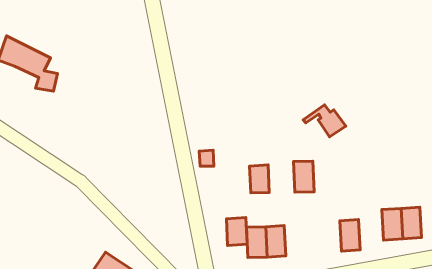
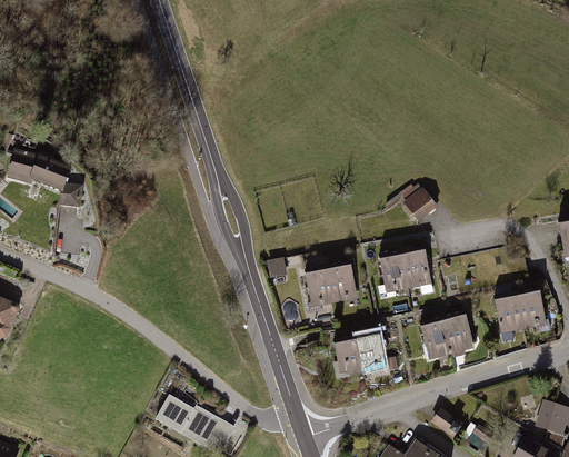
building: none -> [403,247,432,288]
building: [227,218,247,245] -> [305,267,333,304]
building: none -> [422,319,452,360]

